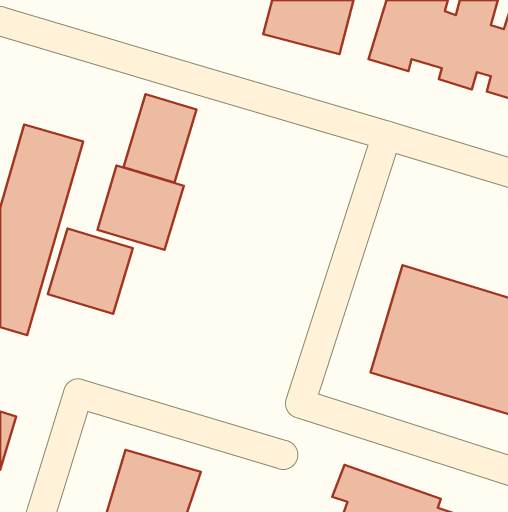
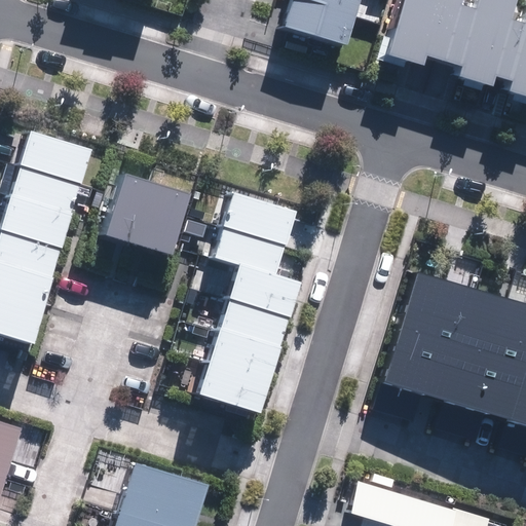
building: [124,94,196,182] -> none
building: none -> [195,189,297,412]
building: [48,229,133,314] -> none

